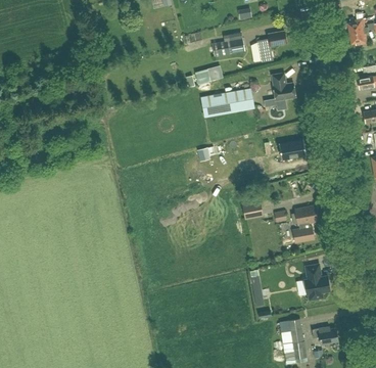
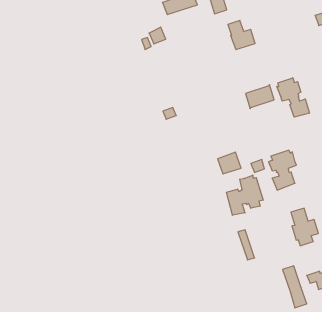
building: [200,88,254,118] -> none
building: none -> [277,78,309,117]
building: none -> [227,175,263,215]

